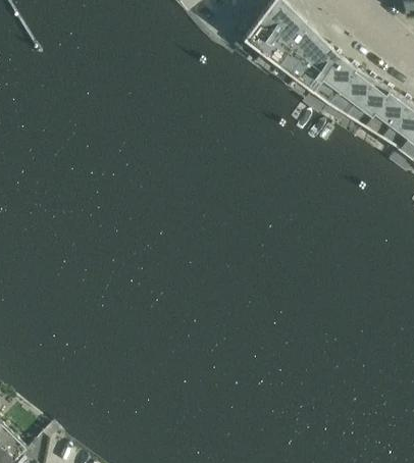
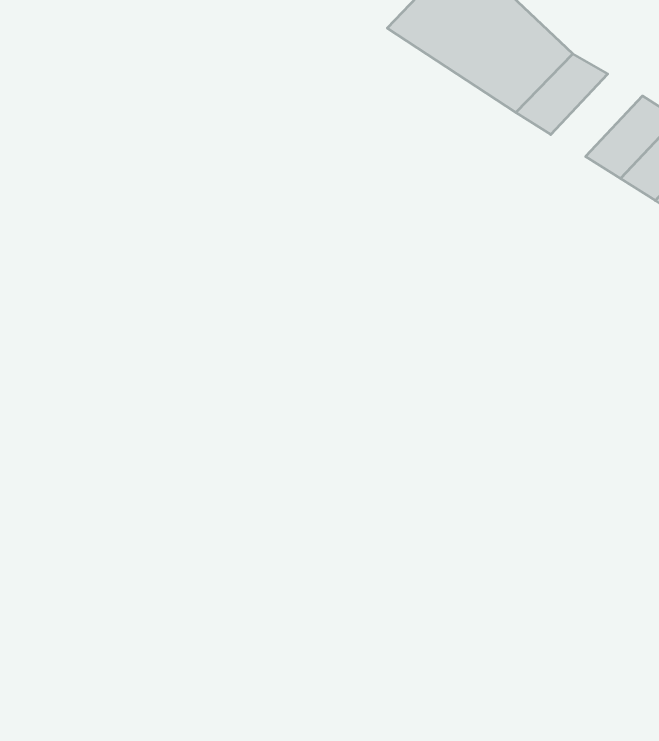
building: [339,78,390,123] -> none

